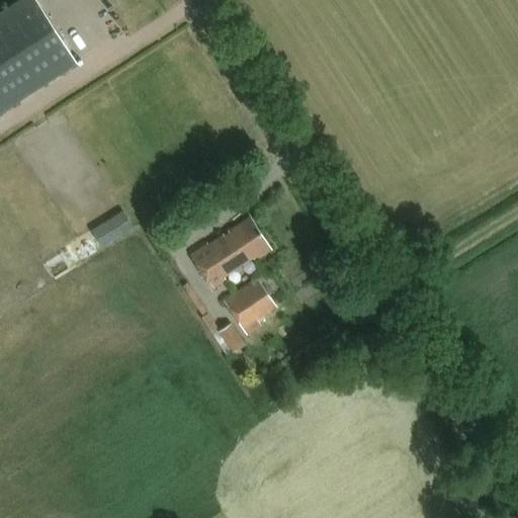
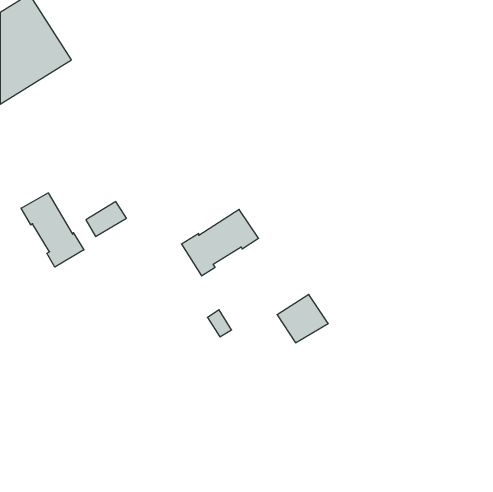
building: none -> [21,193,84,267]
building: [224,280,277,331] -> [277,294,328,343]

